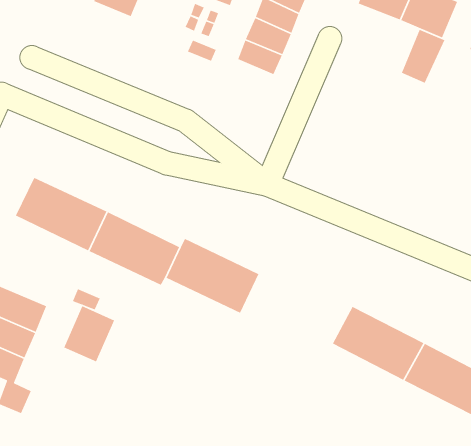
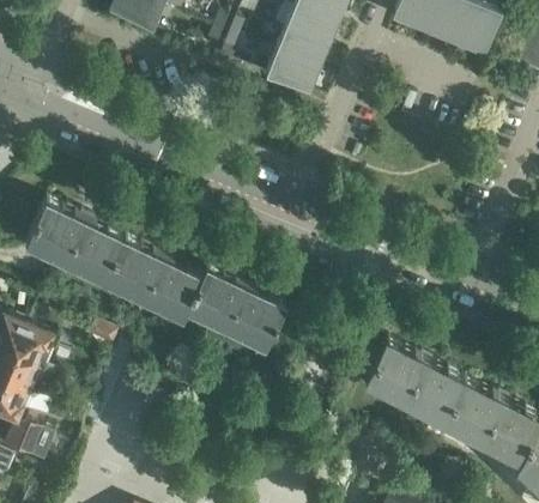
building: [401,29,445,84] -> none
building: [63,305,115,363] -> none

